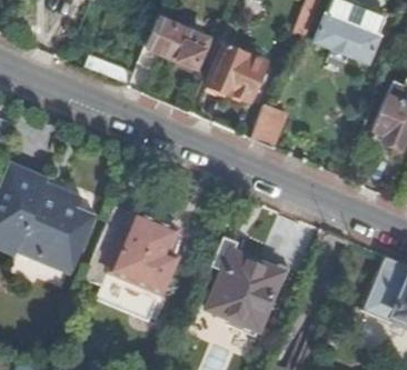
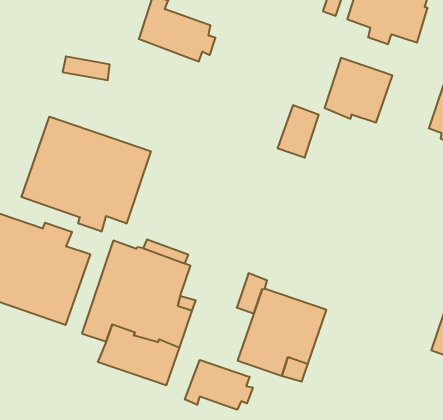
building: [209,47,265,100] -> [325,58,392,123]
building: none -> [22,117,151,232]
building: none -> [185,360,253,410]

